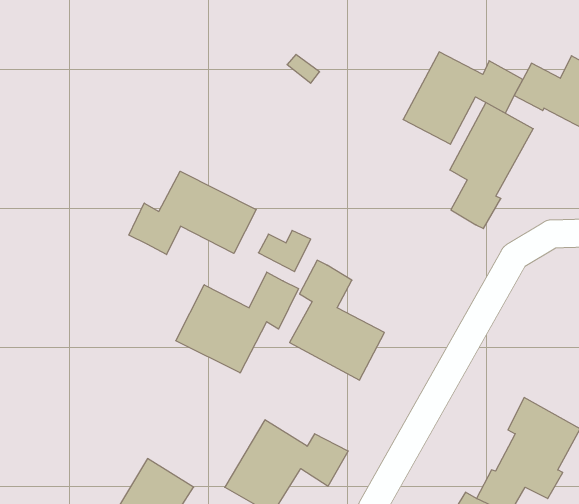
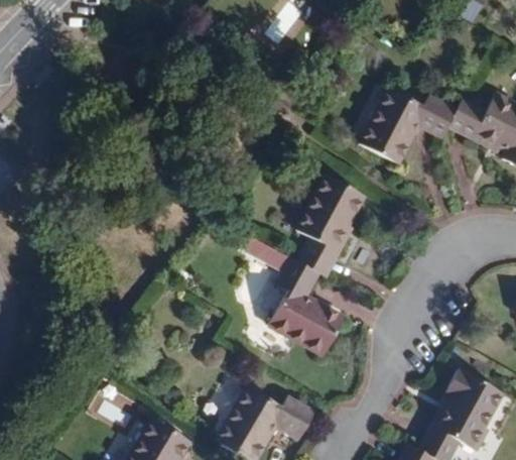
building: [450,103,533,229] -> [297,176,365,277]
building: [129,171,256,255] -> none
building: [176,272,298,373] -> none

